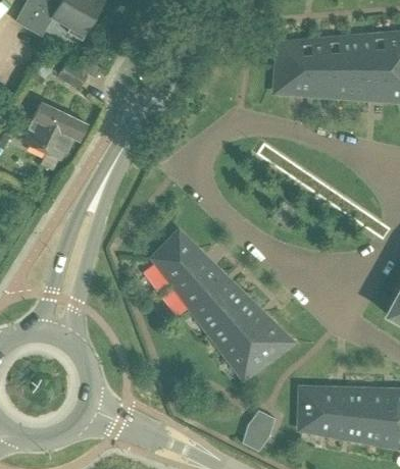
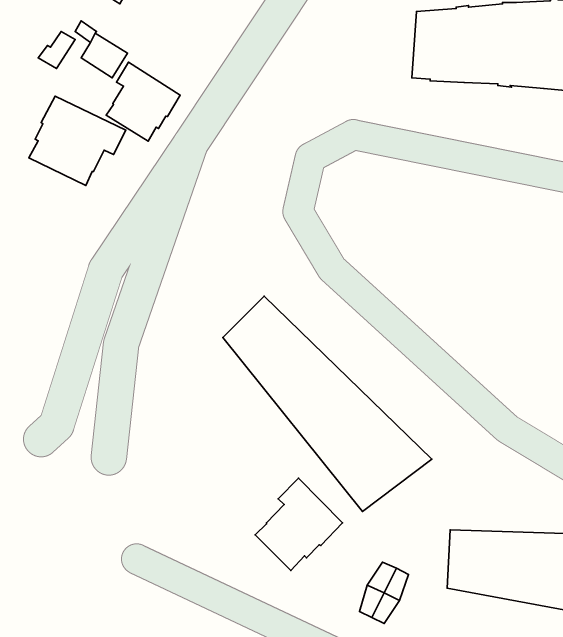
building: none -> [106,62,180,141]
building: none -> [255,478,342,571]

